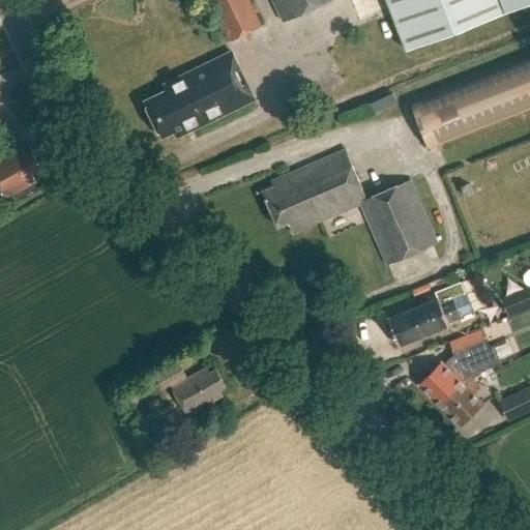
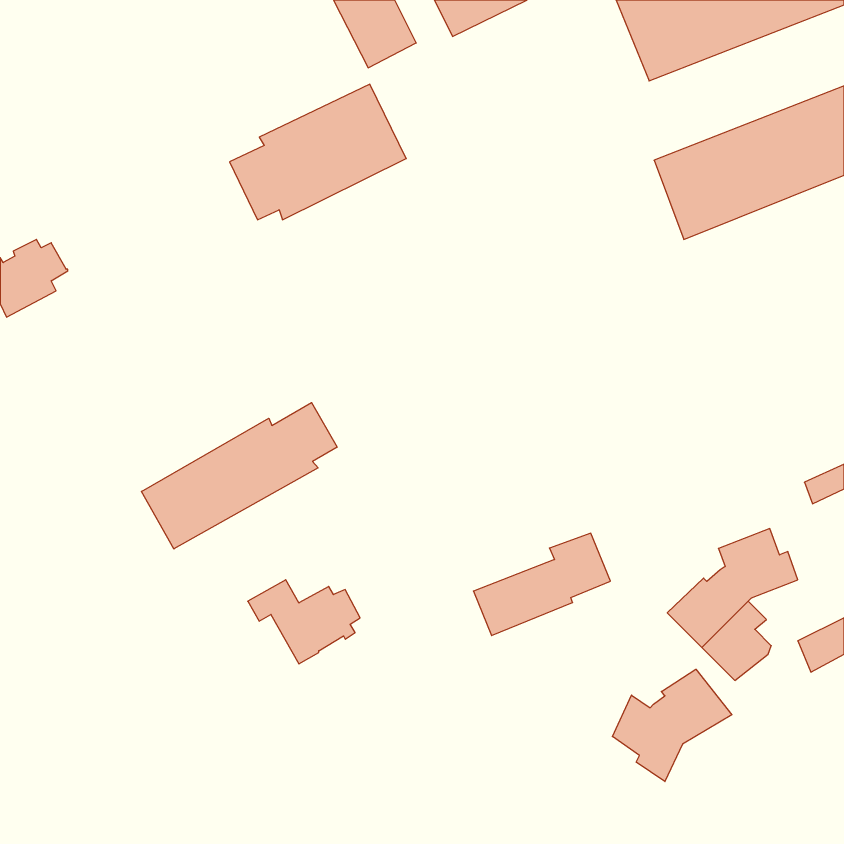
building: [263,150,437,265] -> none
building: none -> [141,403,337,549]
building: [387,283,473,347] -> [473,533,610,636]
building: none -> [612,669,732,782]

